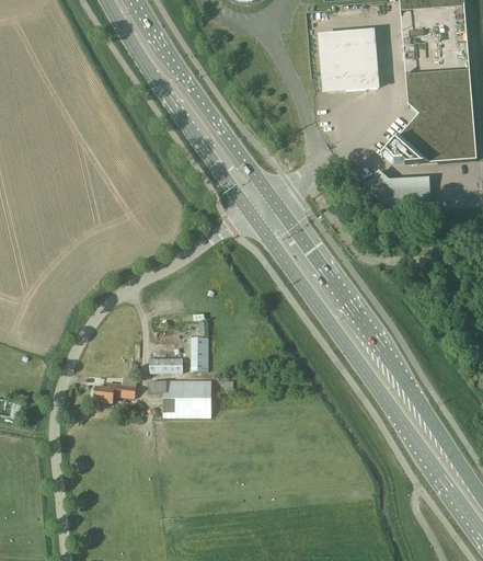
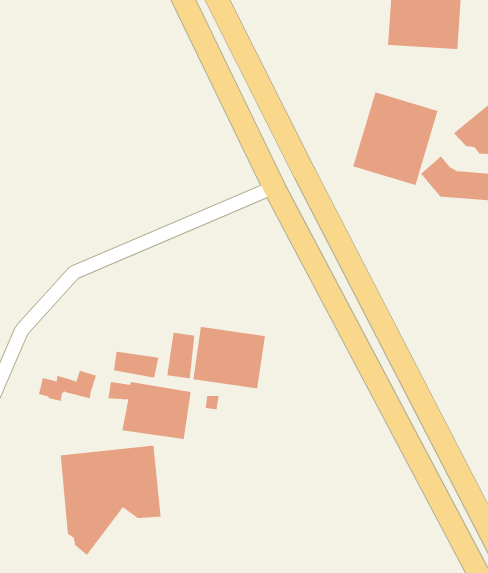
building: none -> [353,92,438,186]
building: none -> [193,326,265,389]
building: none -> [60,445,161,556]

